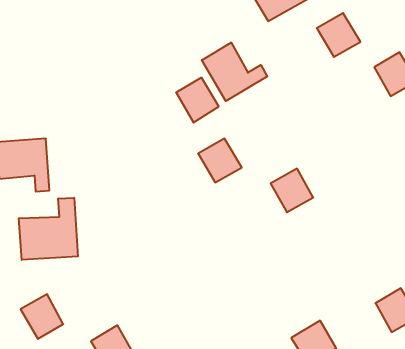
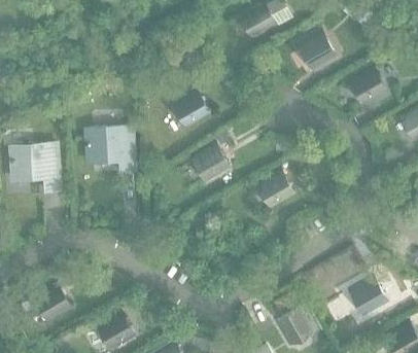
building: [202,42,267,101] -> none
building: none -> [84,126,134,173]
building: [19,198,78,260] -> none

